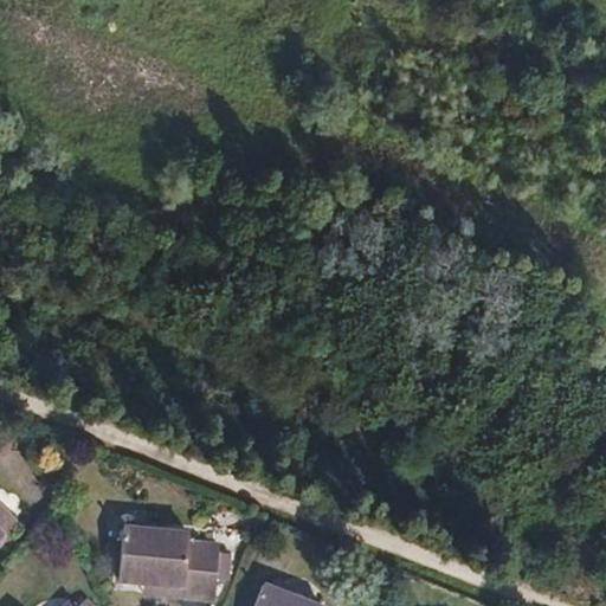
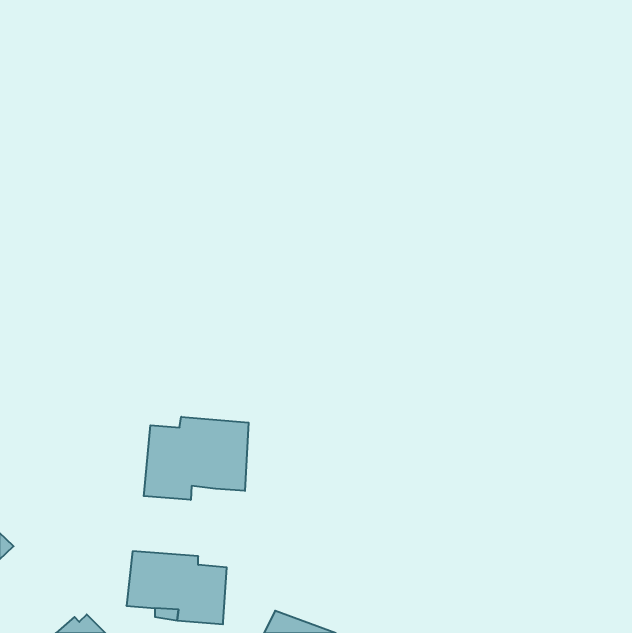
building: none -> [144,417,249,500]

